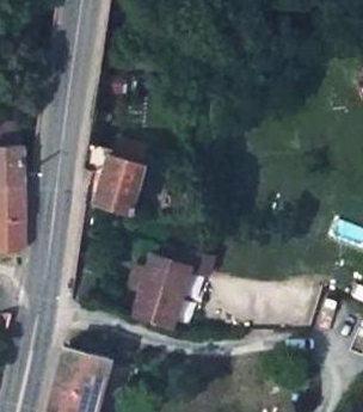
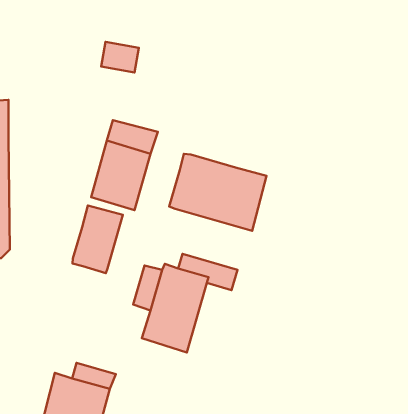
building: none -> [169,154,266,231]
building: none -> [72,206,123,273]

